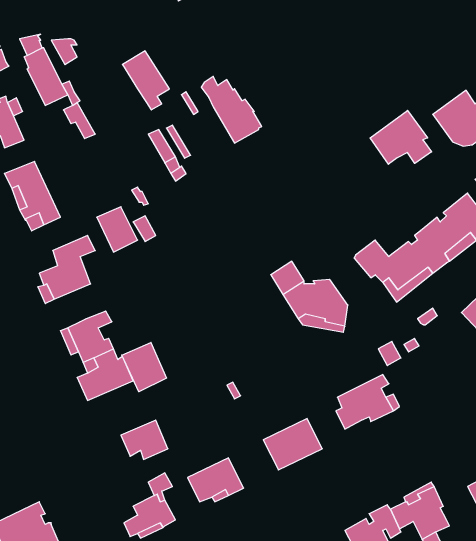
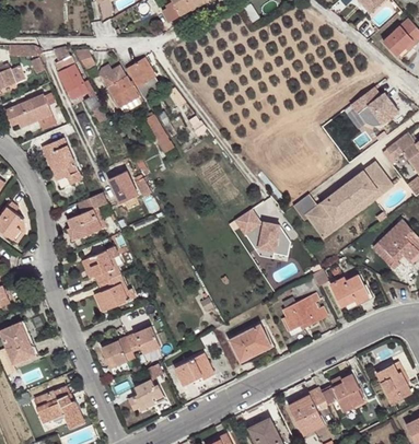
building: [201,76,262,143] -> [100,66,143,114]
building: [370,110,432,164] -> none
building: [122,342,166,392] -> none
building: none -> [329,272,369,307]
building: none -> [101,337,135,369]

